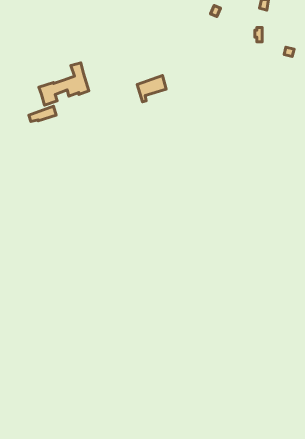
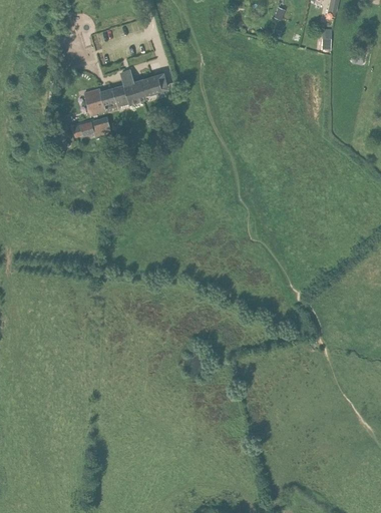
building: [137,76,166,102] -> [133,72,165,101]

